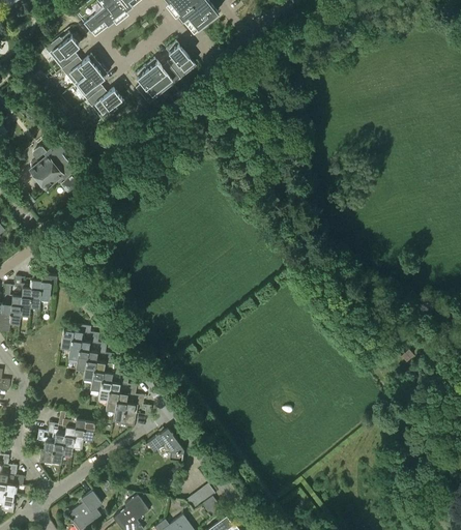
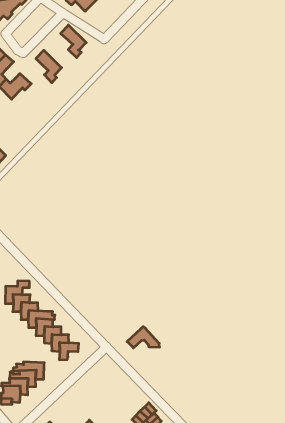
building: [144,58,180,89] -> none
building: [147,429,183,454] -> [127,327,160,348]

